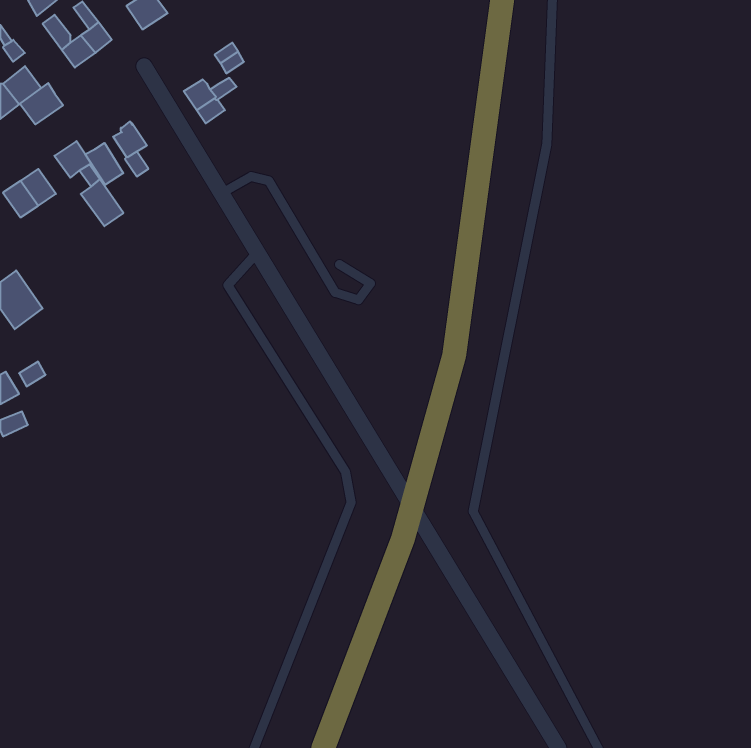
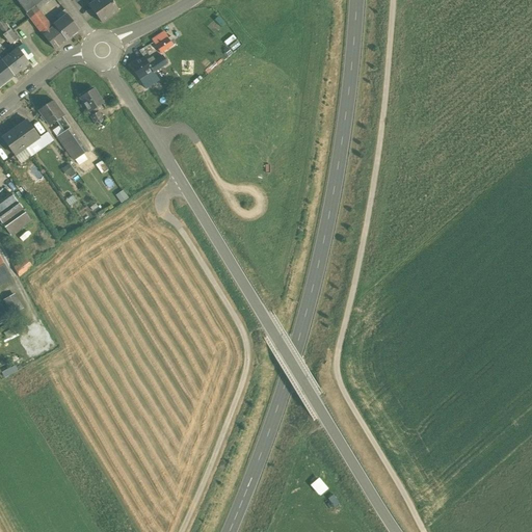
building: [20,83,63,124] -> none
building: [85,143,123,185] -> none

